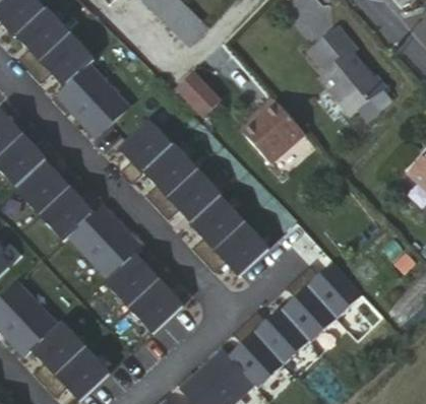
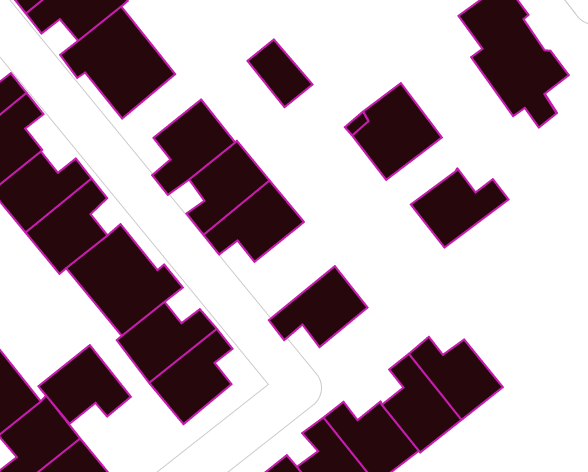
building: none -> [411,168,508,248]
building: [189,197,243,261] -> none
building: none -> [38,345,131,424]

